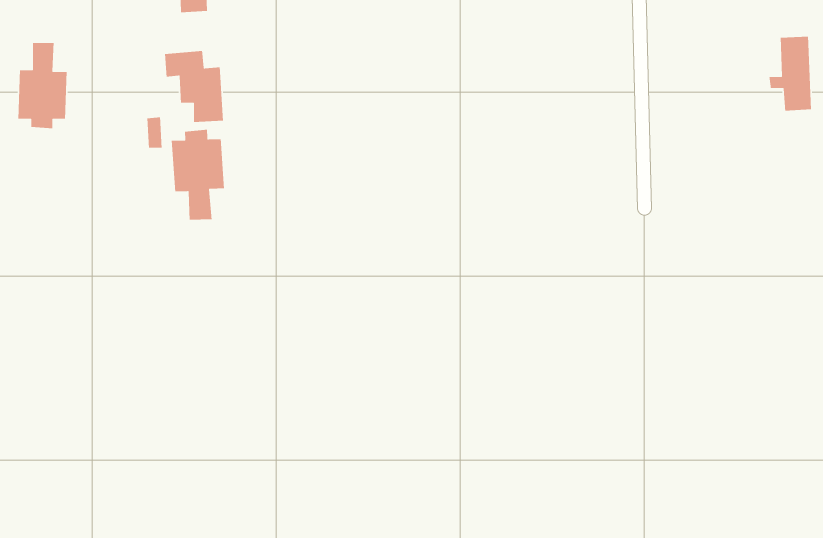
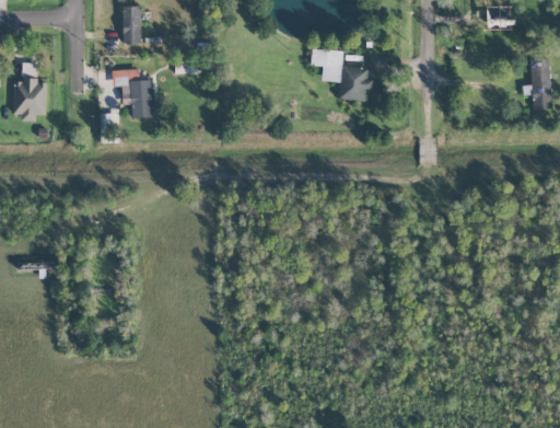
building: none -> [310,48,372,101]
building: [171,129,225,221] -> none

